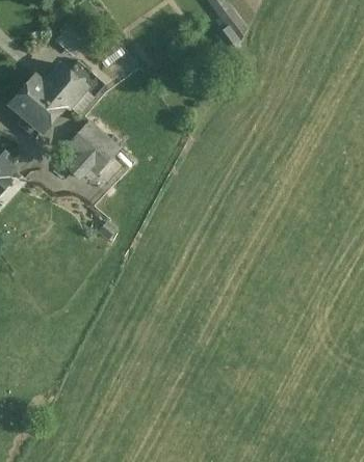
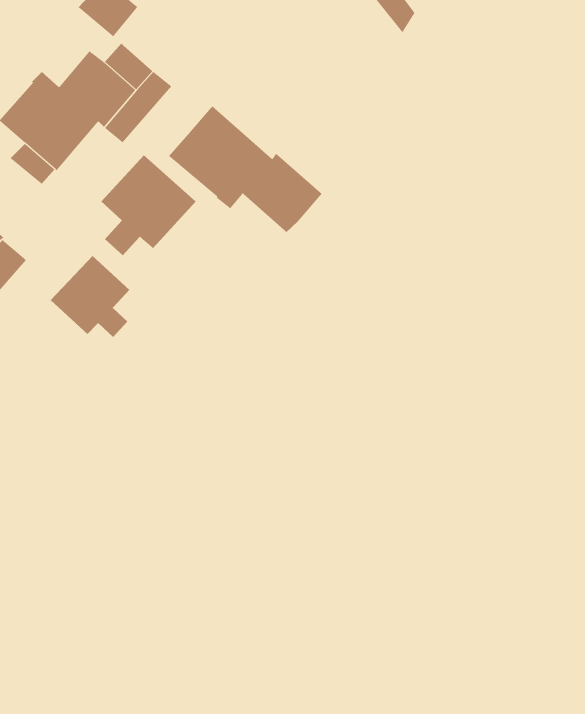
building: none -> [168,105,322,233]
building: none -> [50,255,130,338]

